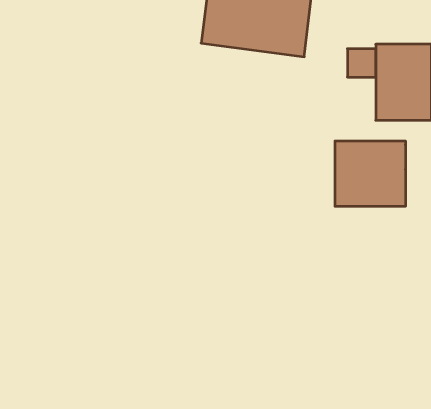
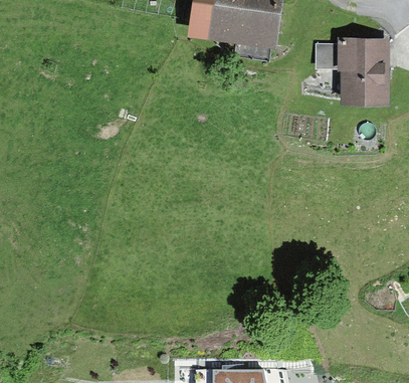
building: [335,141,405,206] -> none

